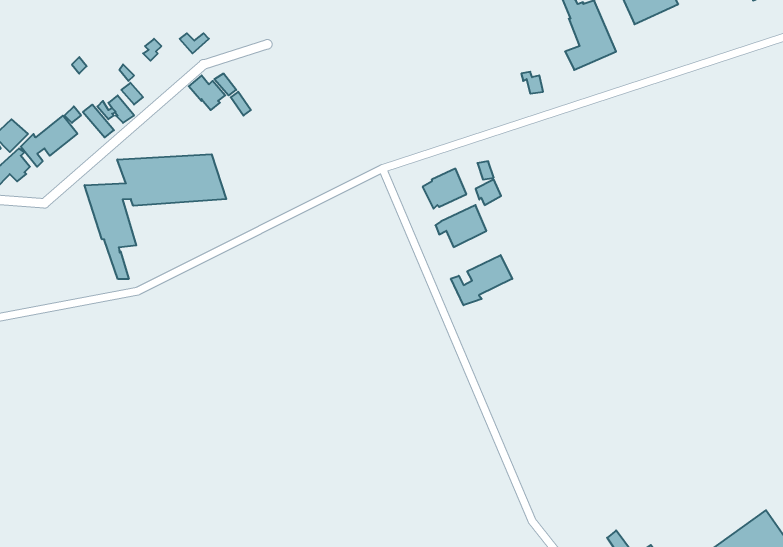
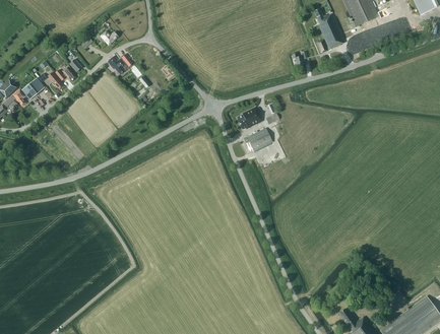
building: [85,154,226,279] -> none
building: [451,255,512,305] -> none

